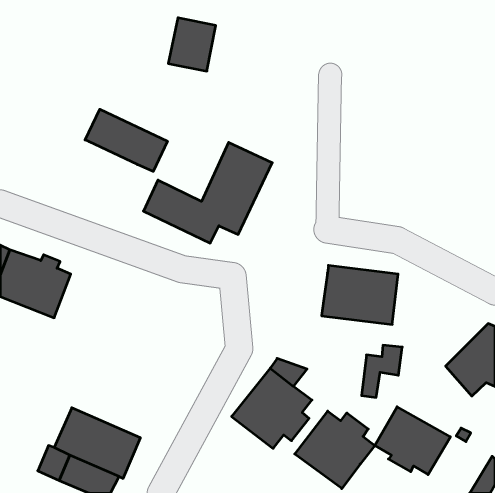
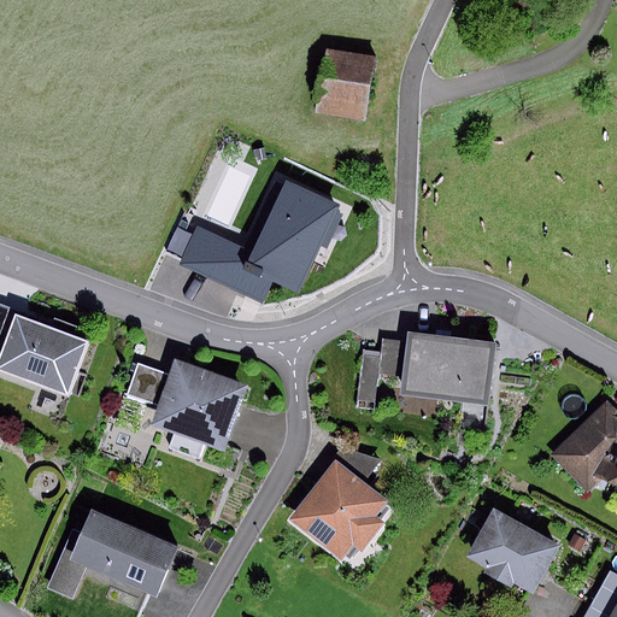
building: [168,18,216,71] -> [316,52,375,118]
building: [85,109,167,171] -> none
building: none -> [125,360,246,452]
building: [362,345,402,397] -> [357,337,407,402]
building: [295,411,375,489] -> none

